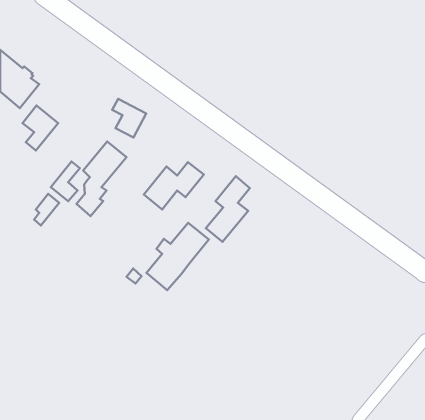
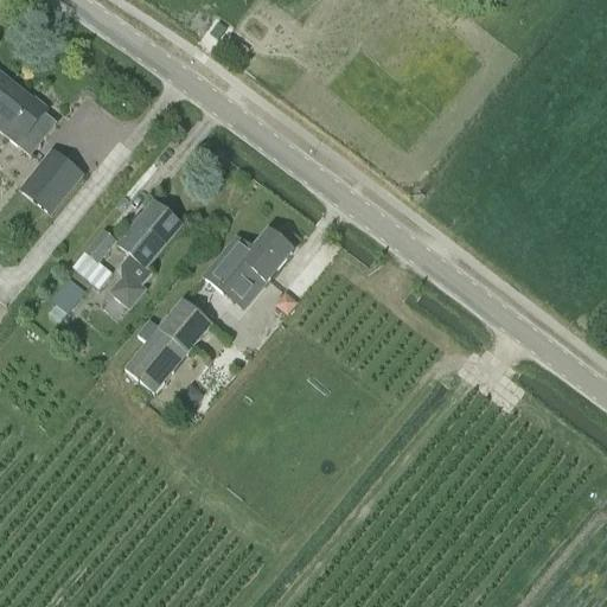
building: [112,99,146,138] -> none
building: [206,176,250,242] -> none
building: [147,223,209,290] -> [123,298,212,394]

